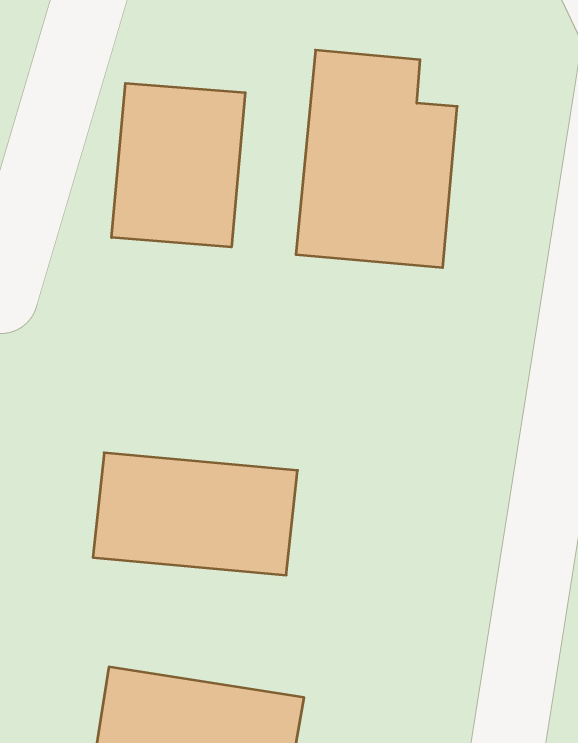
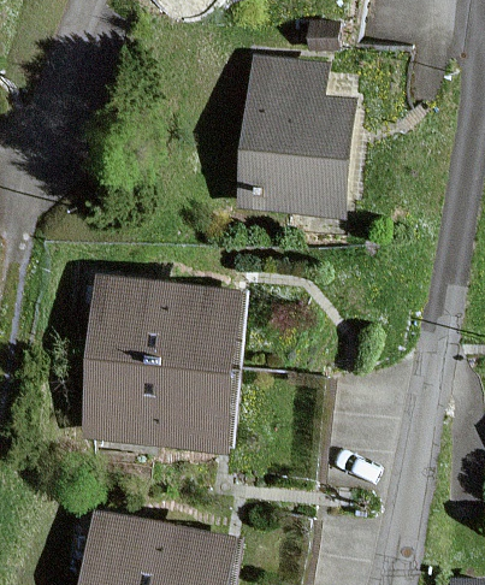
building: [112,83,245,247] -> none
building: none -> [91,278,243,368]

